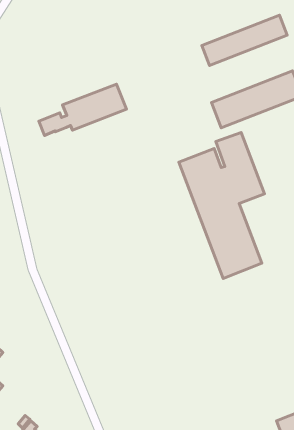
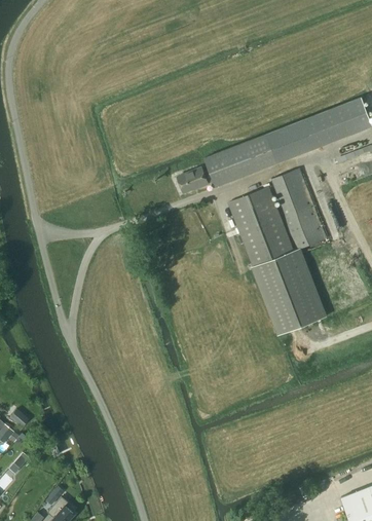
building: [202,15,287,65] -> none
building: [39,84,127,135] -> [178,135,277,193]

